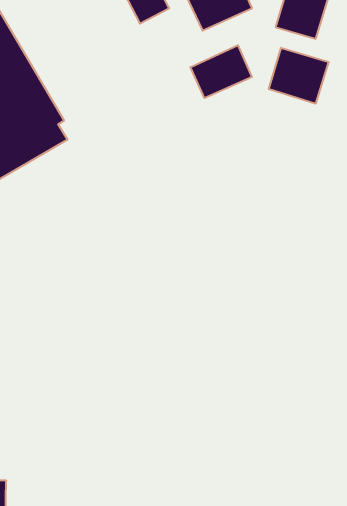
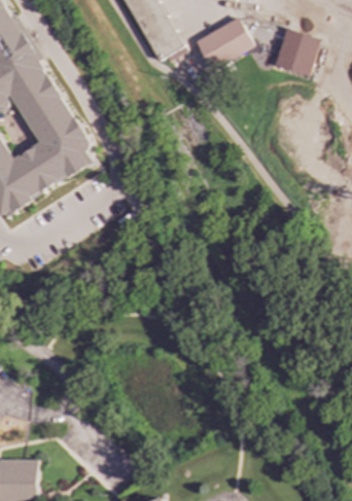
building: [190,45,252,98] -> none
building: [269,48,329,104] -> none

